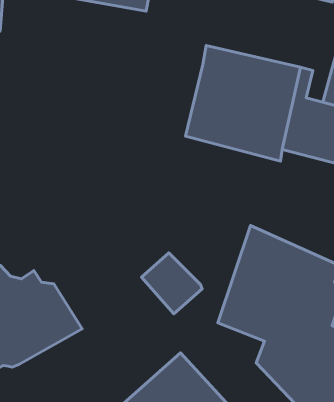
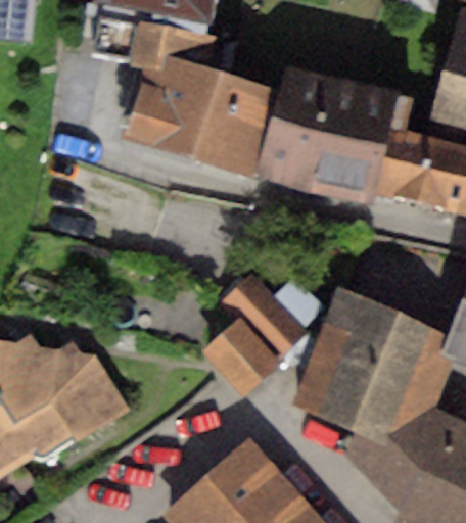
building: none -> [91,15,278,176]
building: none -> [221,273,305,358]

